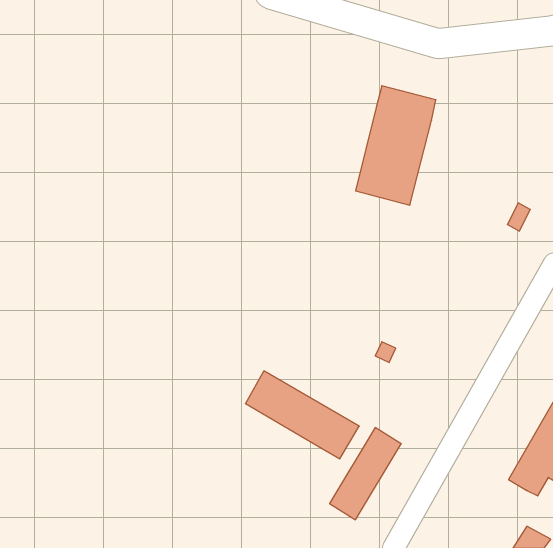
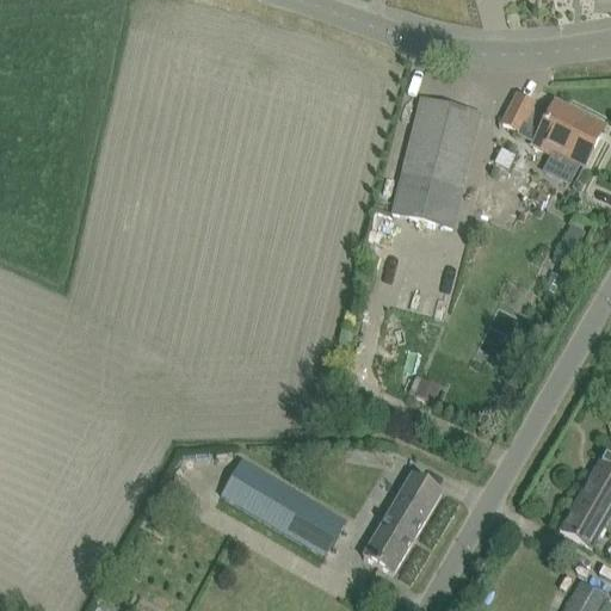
building: none -> [502,91,600,180]
building: [245,371,359,459] -> [222,458,347,555]

